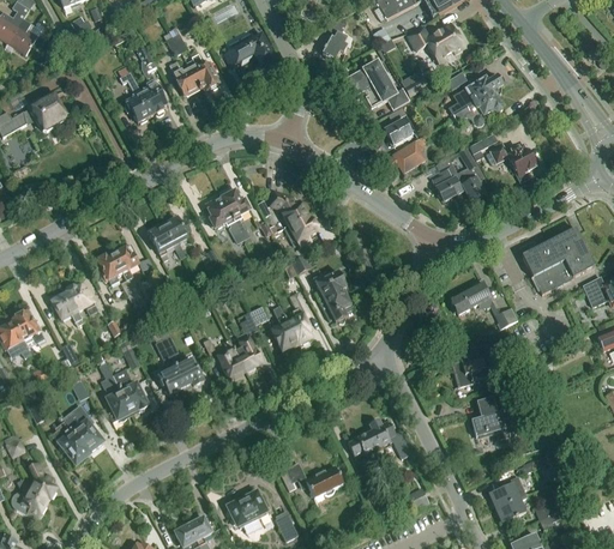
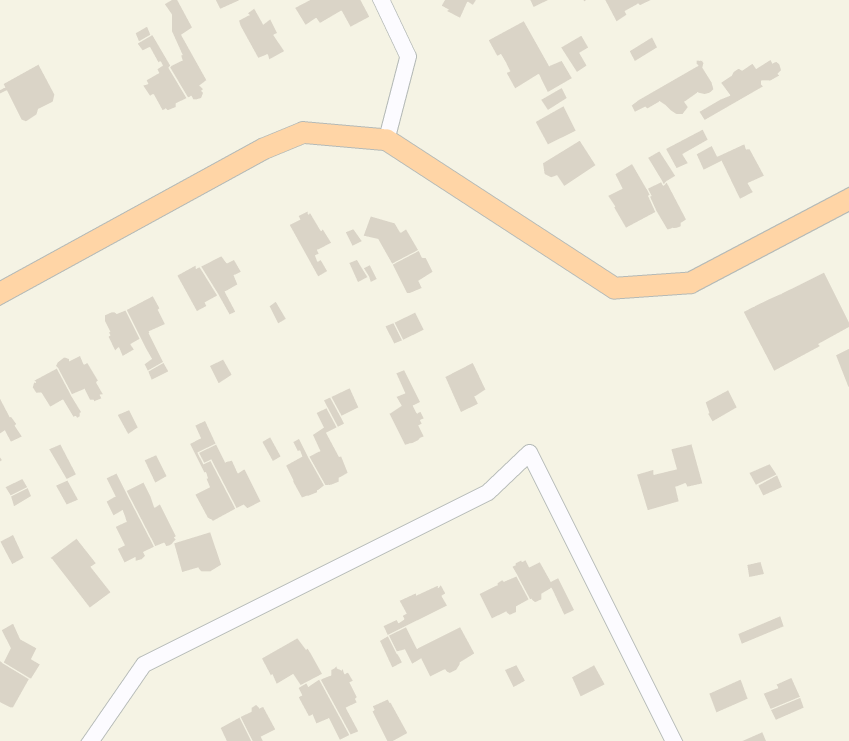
building: [169,61,200,95] -> none
building: [449,74,504,115] -> [699,59,782,121]
building: [206,198,249,242] -> none
building: [313,271,347,298] -> none
building: [450,279,493,314] -> none
building: [271,306,296,350] -> none
building: [471,397,506,440] -> none
building: none -> [173,531,222,573]
building: [53,420,90,464] -> none
building: none -> [382,584,448,636]
building: none -> [261,637,323,686]
building: [492,476,528,508] -> none

